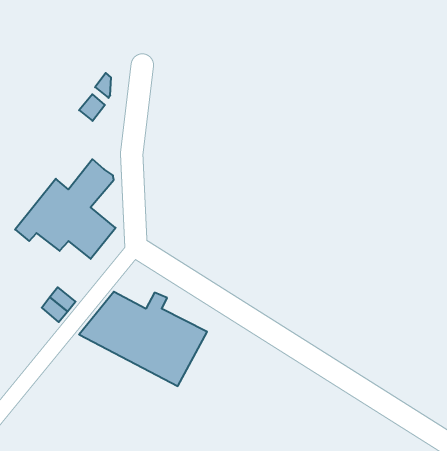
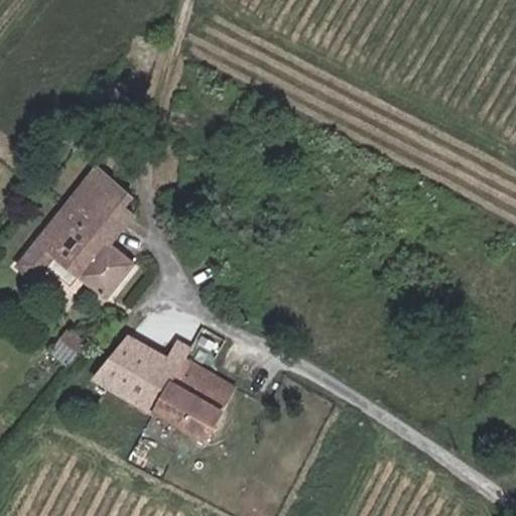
building: none -> [63,164,125,219]

